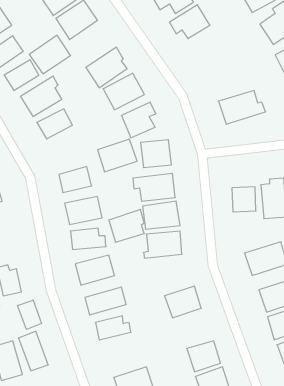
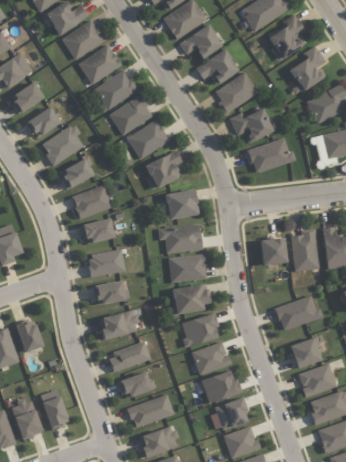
building: none -> [215,72,258,115]
building: [29,35,71,74] -> [93,70,136,110]
building: none -> [228,109,272,142]
building: [98,139,137,172] -> [70,186,111,220]
building: [109,210,144,242] -> [179,313,216,347]
building: [18,300,41,329] -> none
building: none -> [200,371,238,403]
building: none -> [127,395,173,428]

